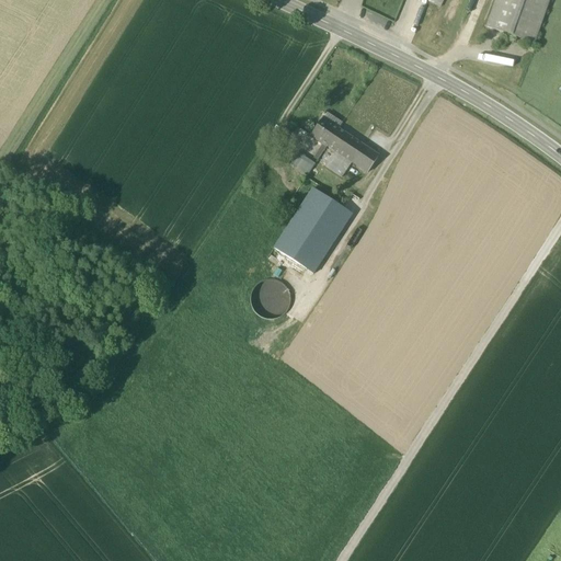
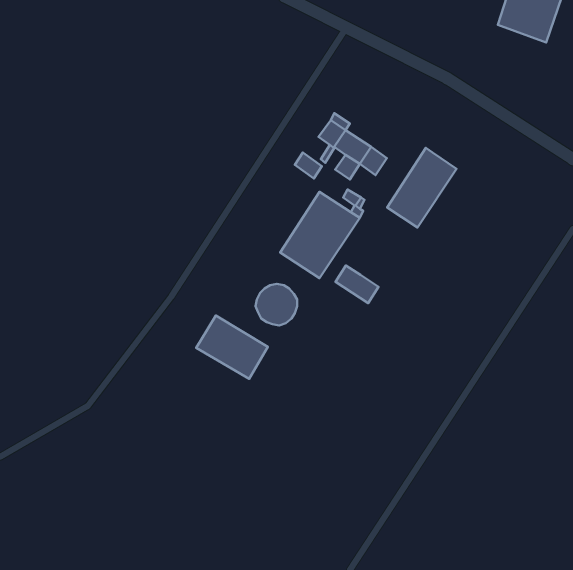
building: none -> [387,148,457,227]
building: none -> [336,266,378,303]
building: none -> [196,316,268,379]

